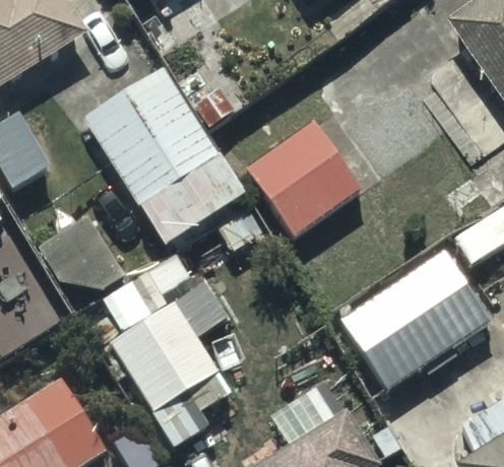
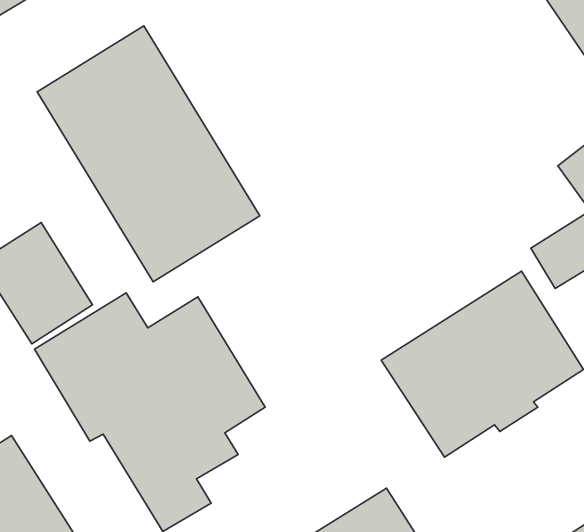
building: [243,117,364,239] -> none

